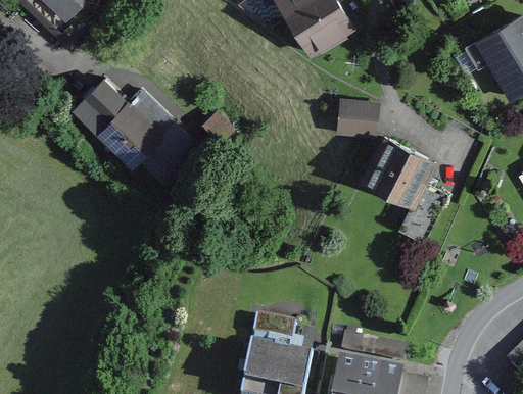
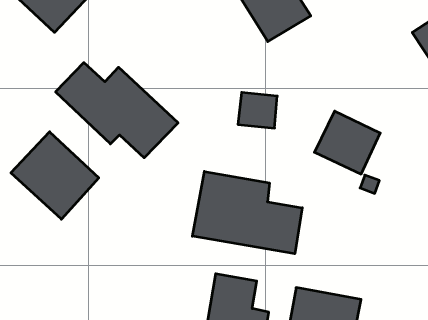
building: [336,96,380,136] -> [238,92,277,128]
building: none -> [11,132,99,219]
building: none -> [192,171,302,254]

